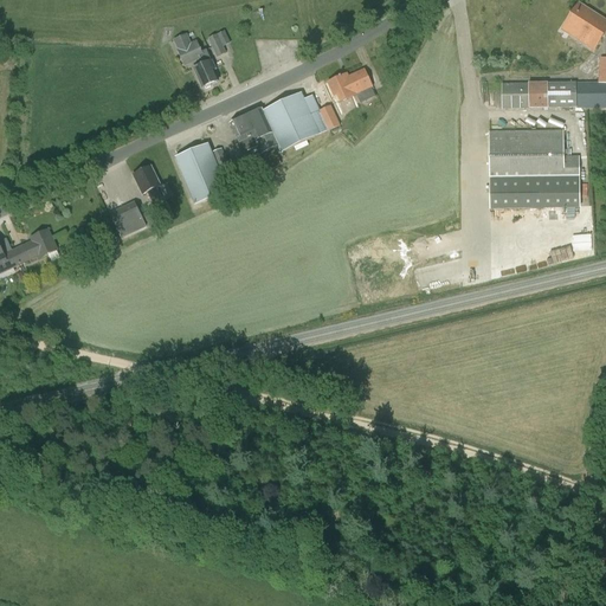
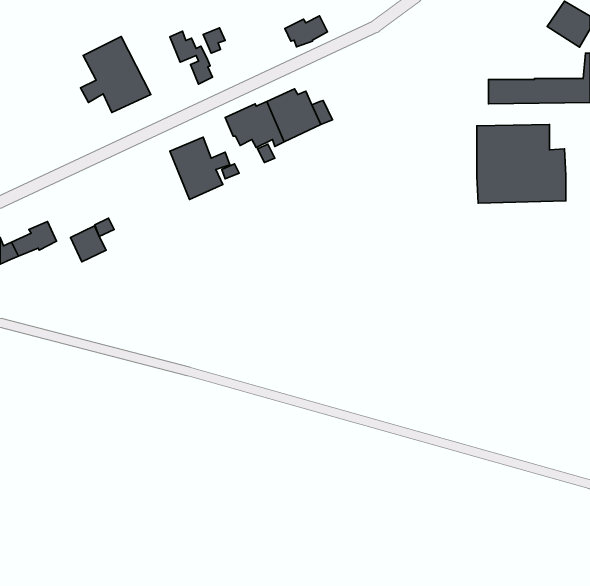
building: none -> [80,36,151,113]
building: [328,67,372,99] -> [285,16,328,47]
building: [133,165,163,202] -> none
building: [110,200,147,237] -> [70,226,106,262]

